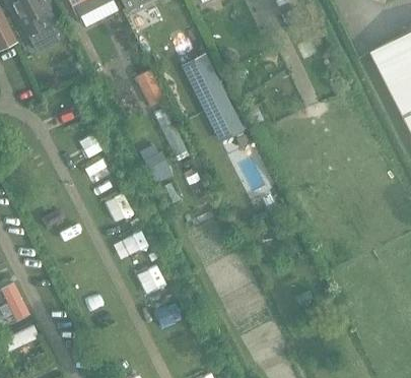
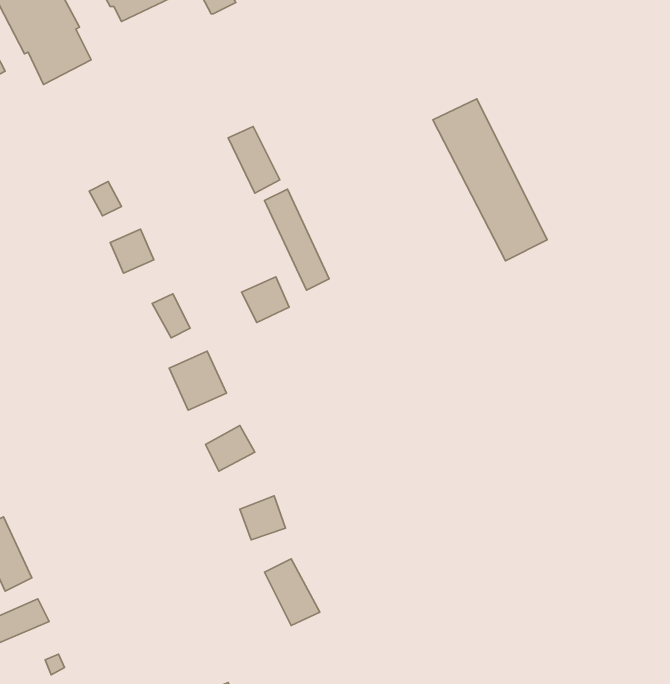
building: [180,54,241,140] -> [433,99,547,261]

